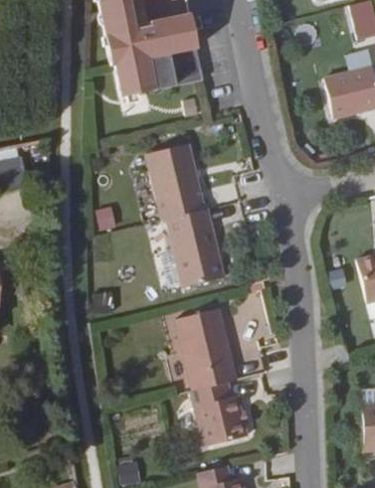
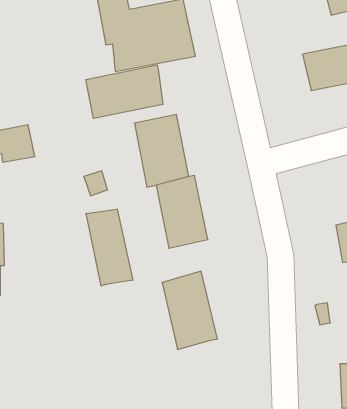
building: none -> [86,65,163,118]
building: none -> [86,209,133,286]
building: [189,381,245,445] -> none

